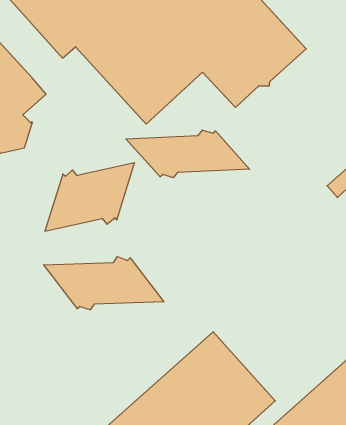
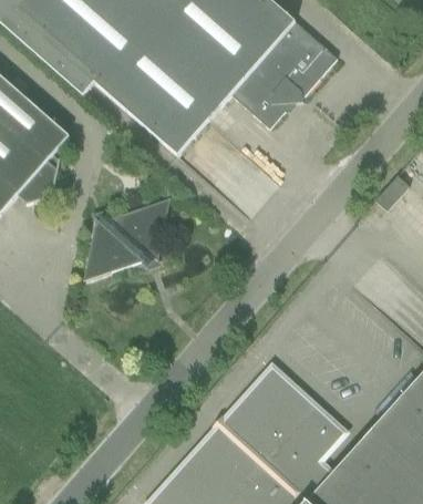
building: [126,130,250,178] -> none
building: [44,257,164,310] -> none

